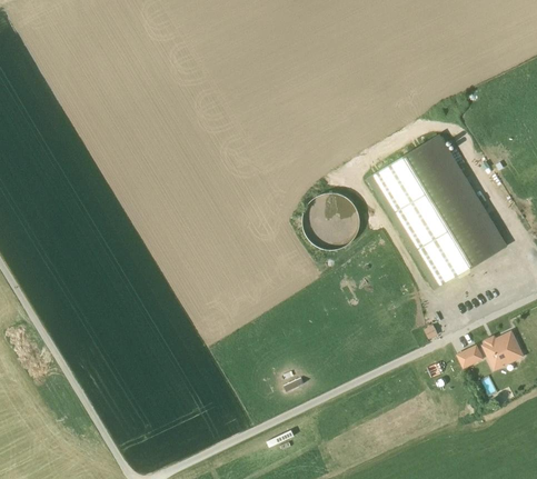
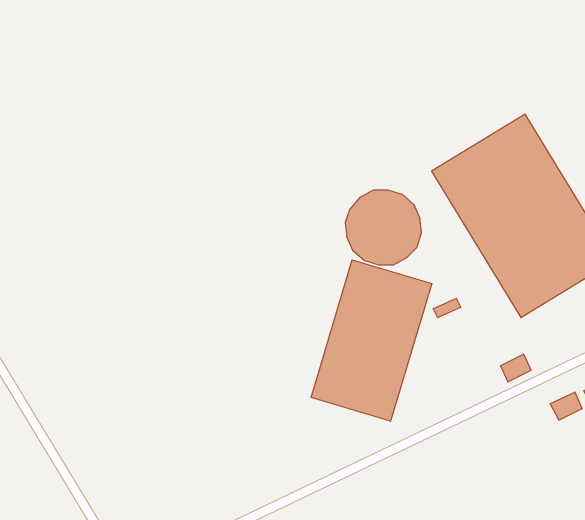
building: none -> [311,260,432,421]

